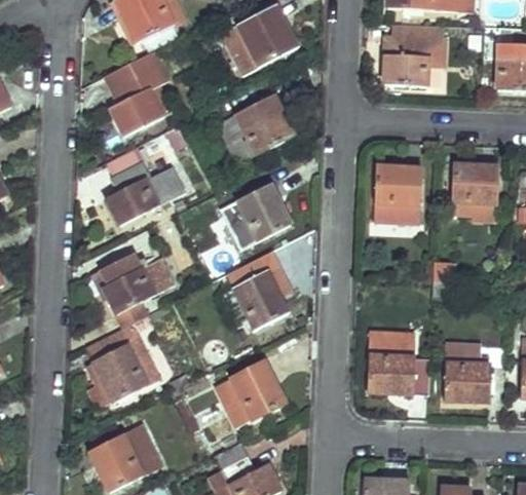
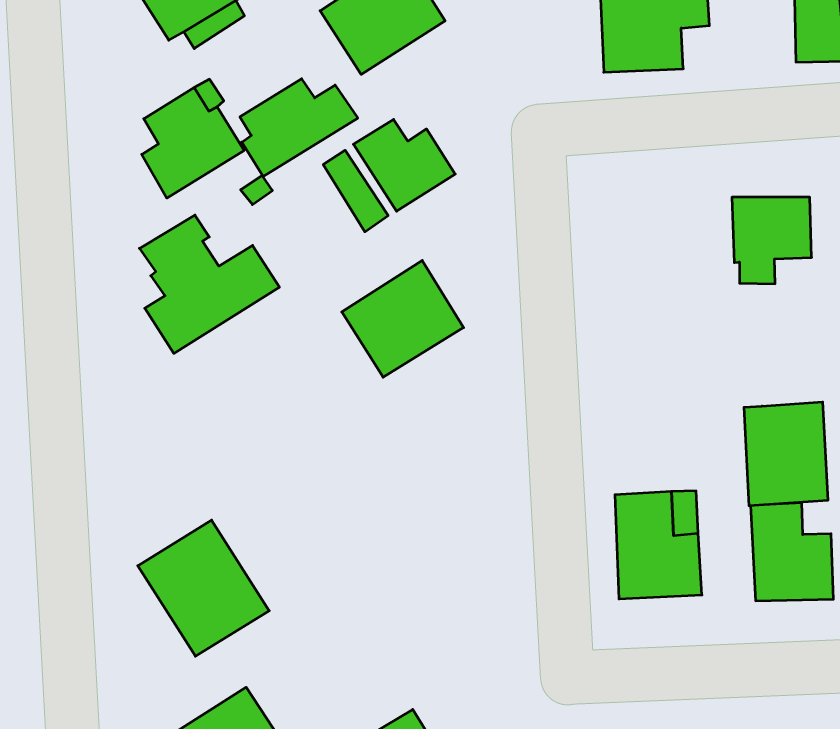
building: none -> [240,79,358,177]
building: [373,166,421,223] -> none
building: [103,255,174,329] -> none
building: [233,272,287,330] -> none
building: none -> [744,402,828,506]
building: [216,361,284,427] -> none

